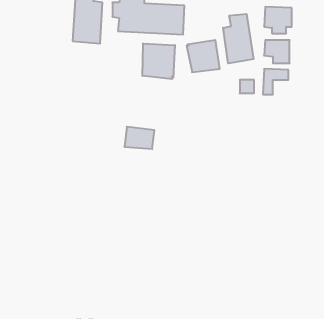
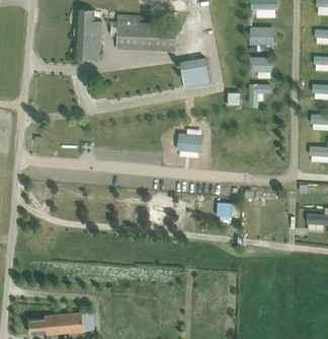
building: [223,14,254,63] -> none
building: [142,43,175,79] -> none
building: [124,127,154,149] -> [176,132,203,152]

